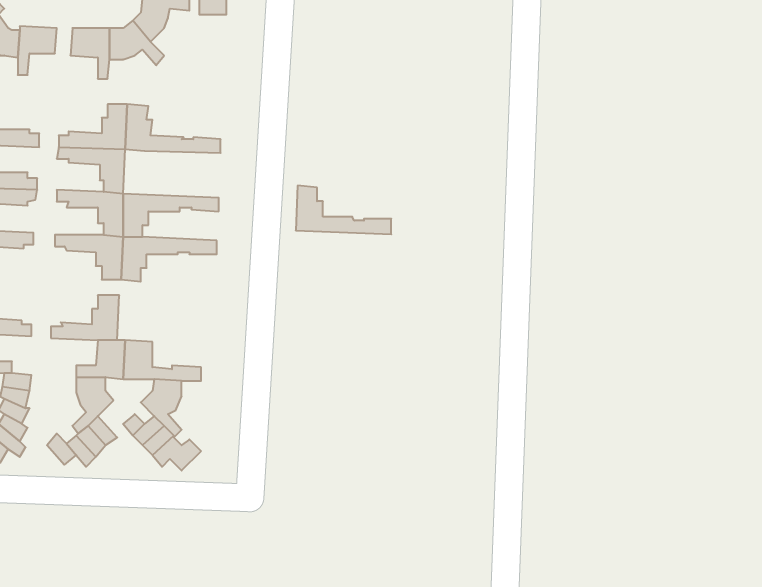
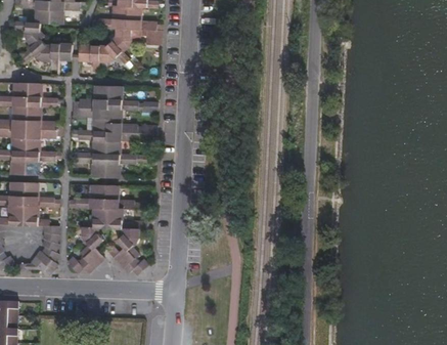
building: [296,186,391,234] -> [106,109,157,134]
building: none -> [103,185,153,211]

